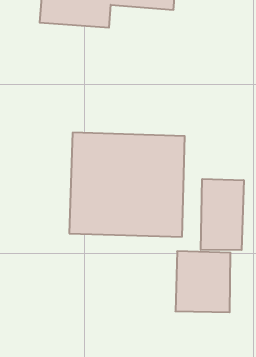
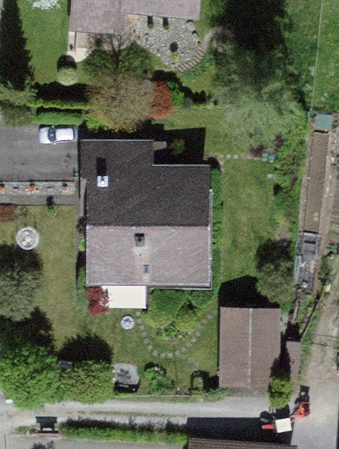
building: [201,179,244,250] -> none

